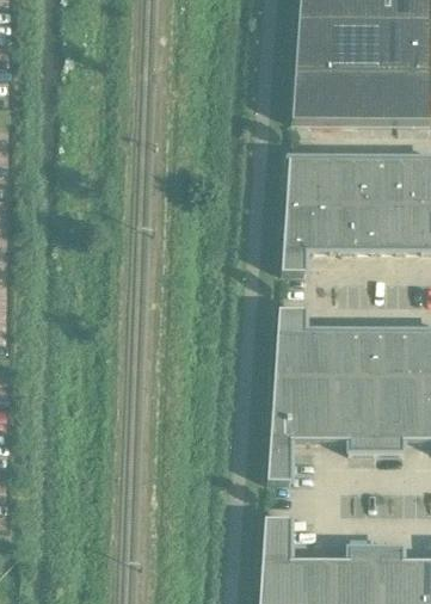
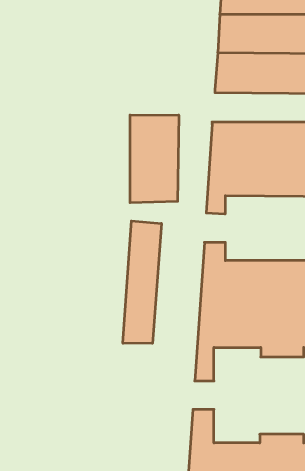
building: none -> [130,115,179,203]
building: none -> [123,221,161,343]

